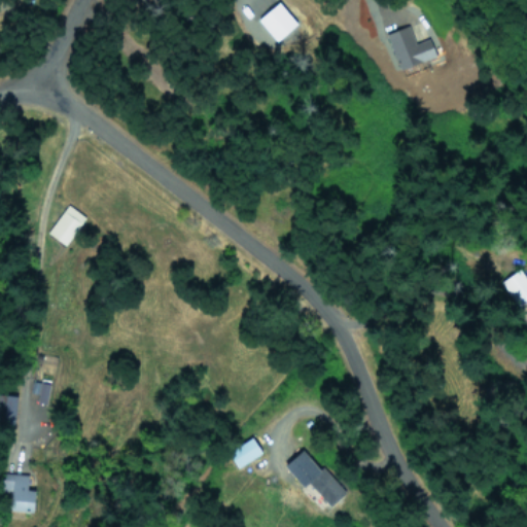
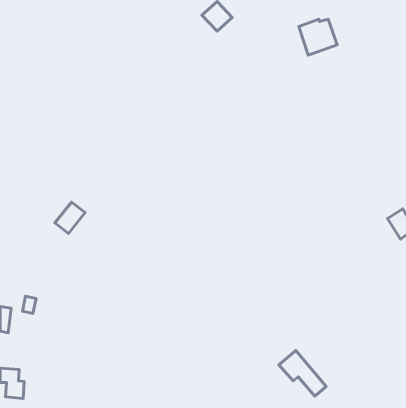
building: [48,206,87,246] -> [55,202,85,233]
building: [229,438,264,470] -> none
building: [285,449,346,507] -> [279,350,326,396]

